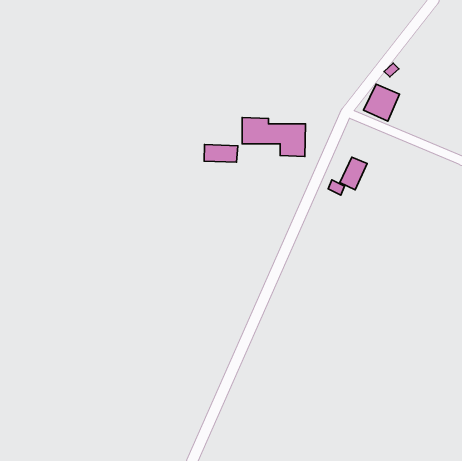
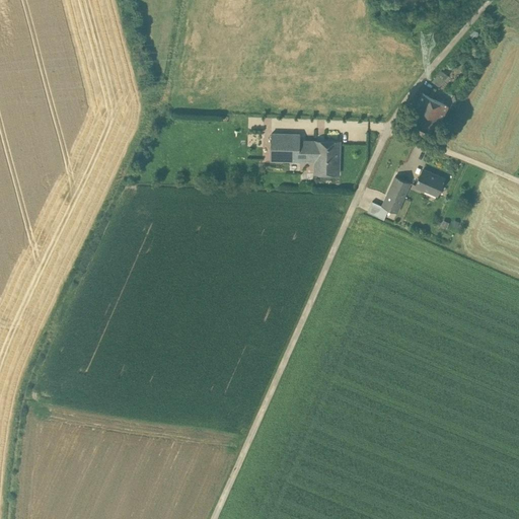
building: [204,144,238,162] -> none
building: none -> [416,170,446,198]

